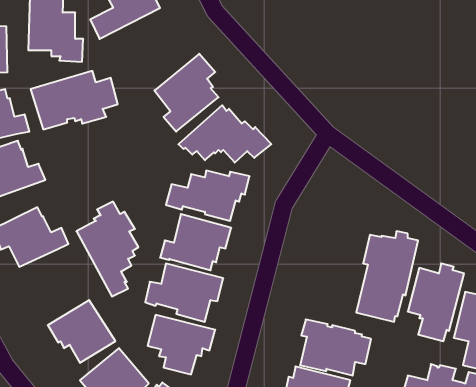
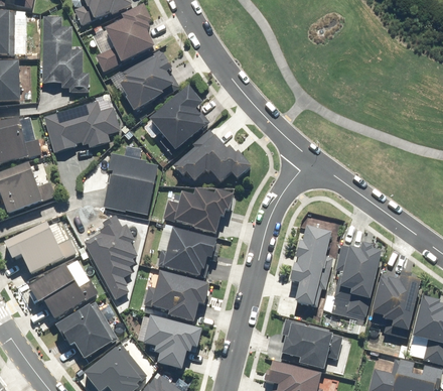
building: none -> [120,51,174,110]
building: none -> [101,153,156,215]
building: none -> [291,225,332,304]
building: none -> [30,264,97,317]

